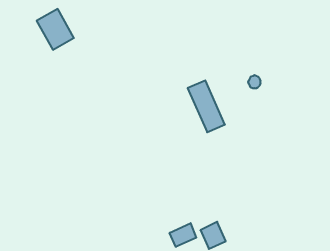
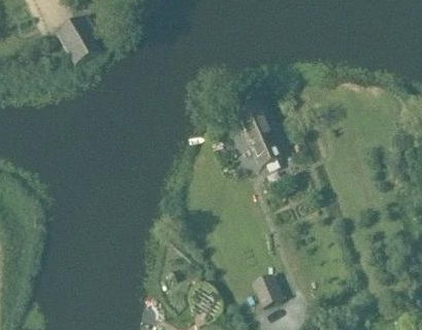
building: [170,223,196,247] -> none

